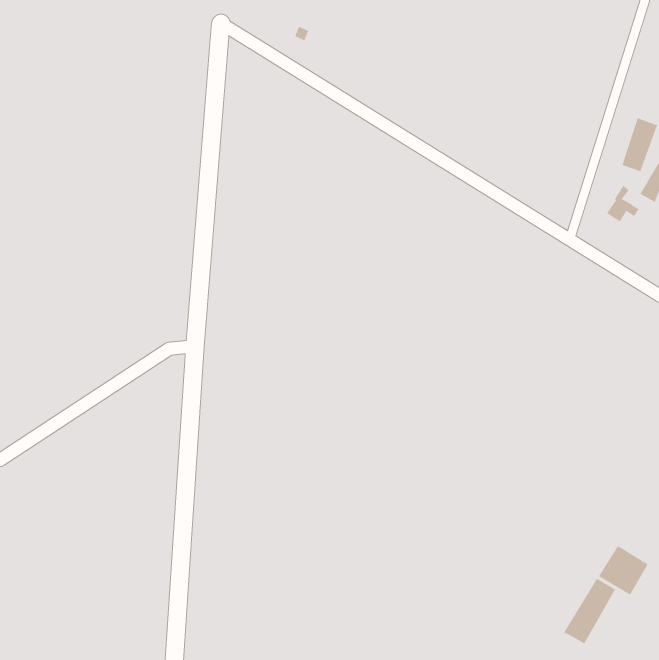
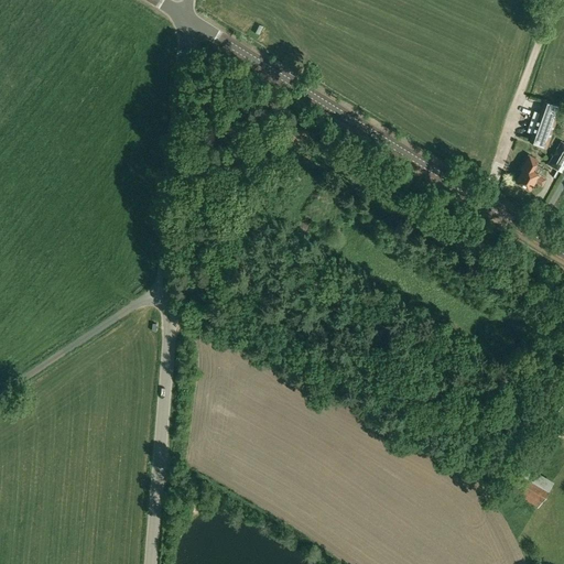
building: [563,578,616,644] -> none

